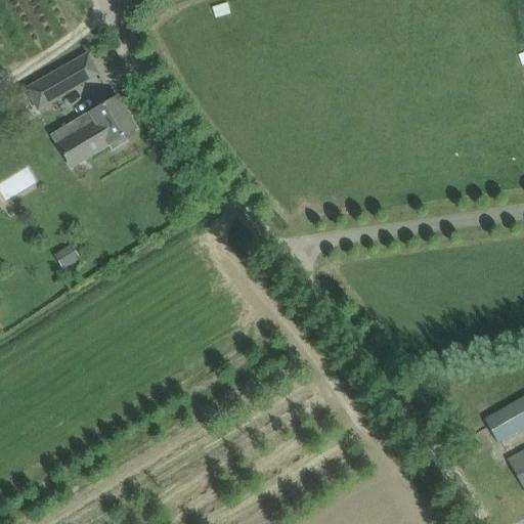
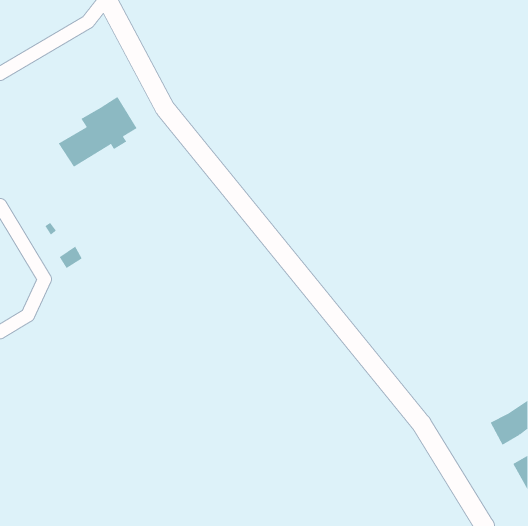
building: [26,53,96,108] -> none

